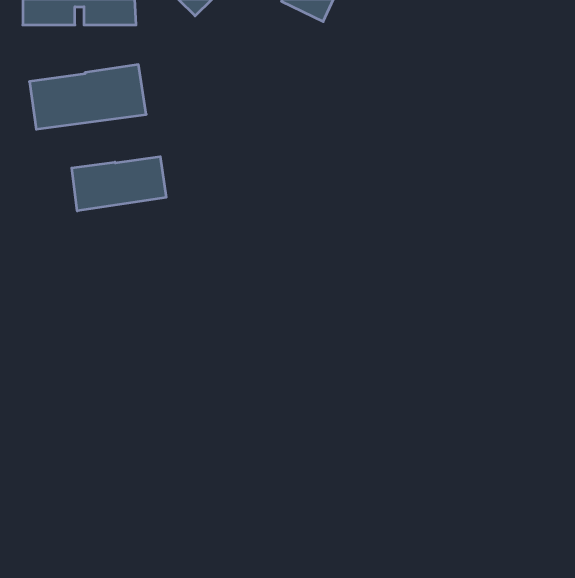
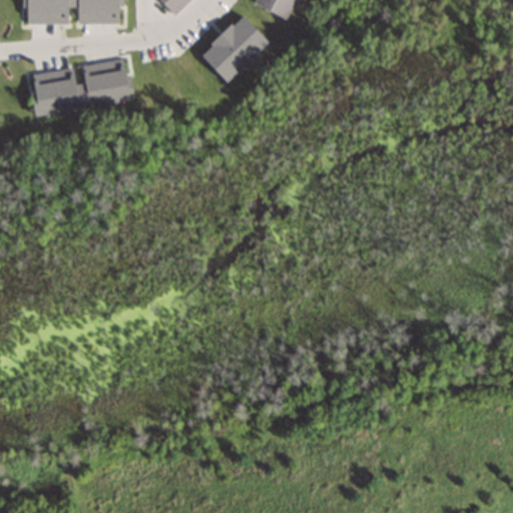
building: none -> [200,13,270,81]
building: [72,157,166,211] -> none

